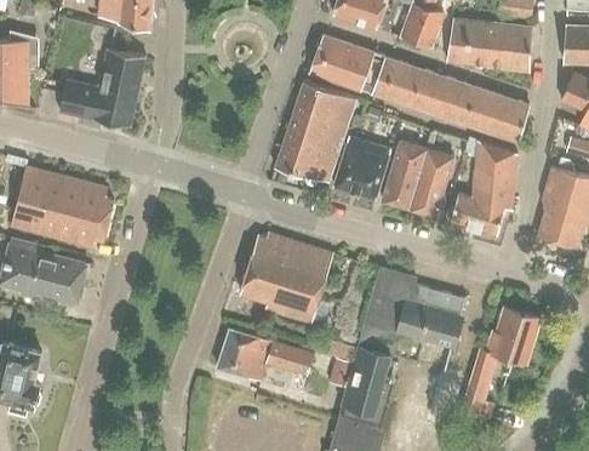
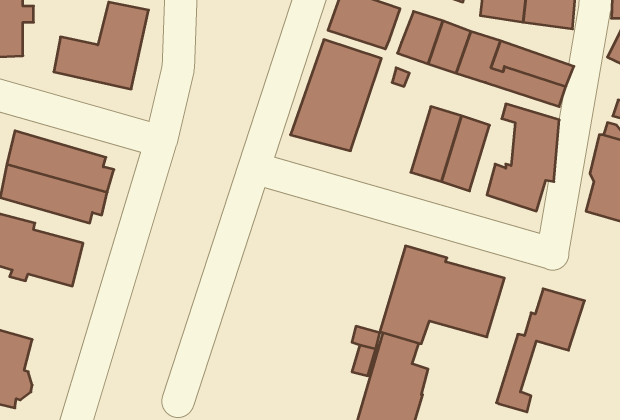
building: [333,137,391,199] -> none
building: [239,234,333,322] -> none
building: [217,329,313,379] -> none

